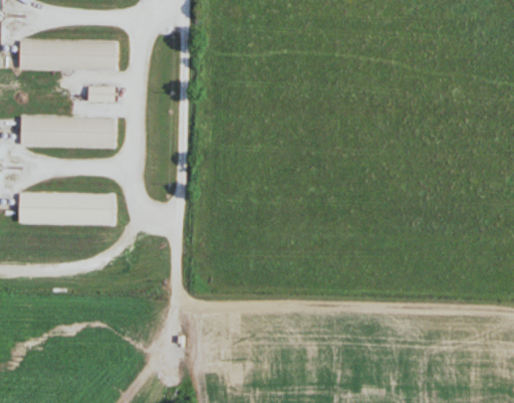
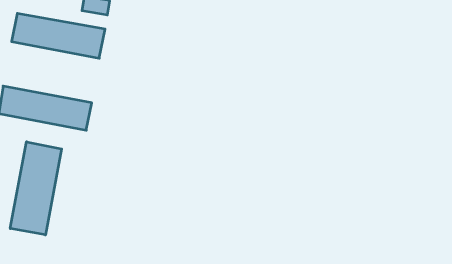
building: none -> [10,142,62,235]

